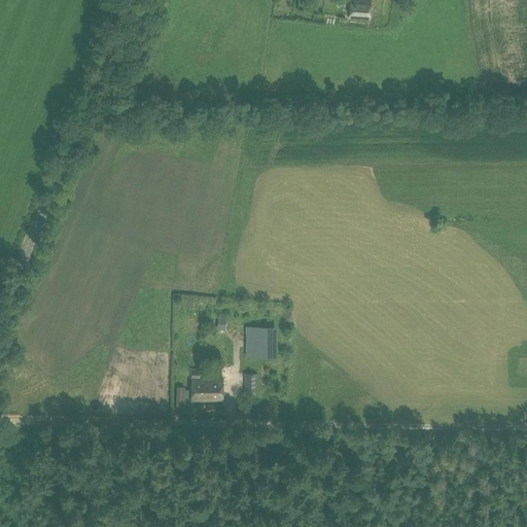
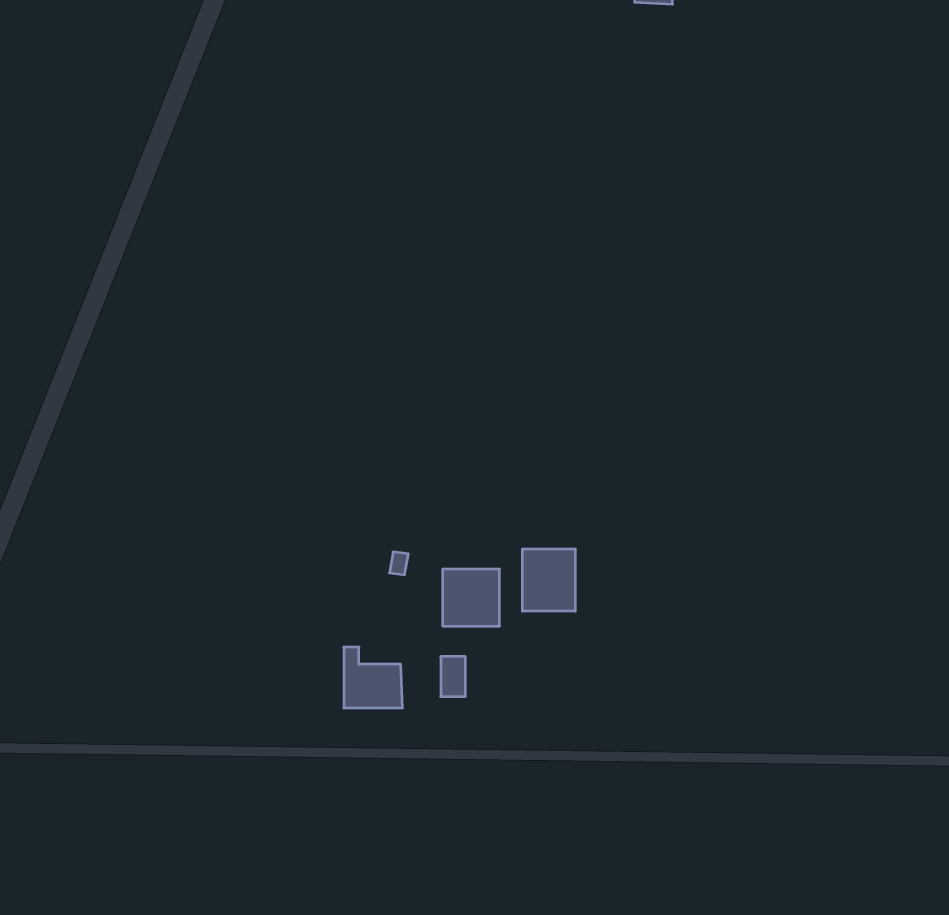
building: none -> [522,549,575,611]

